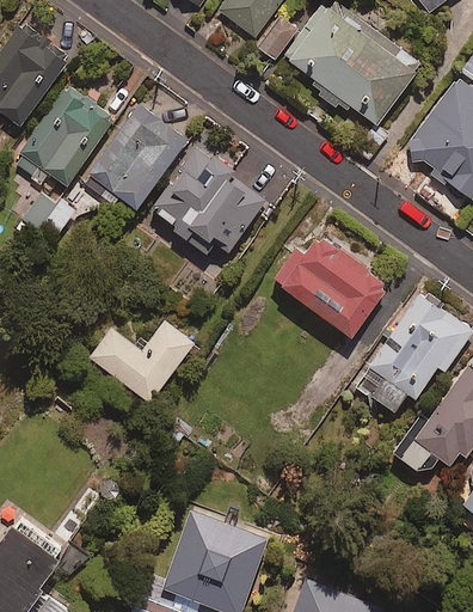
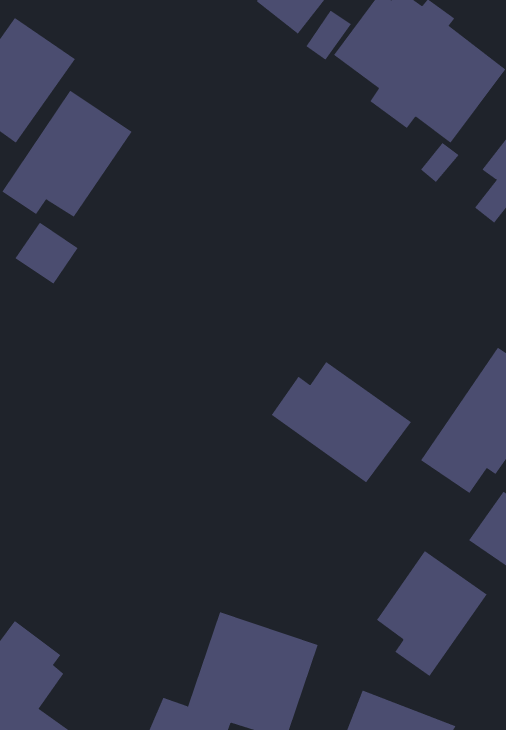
building: [88,104,188,210] -> none
building: [152,146,263,255] -> none
building: [274,237,389,337] -> [271,361,412,483]
building: [88,320,194,403] -> none
building: none -> [376,550,488,677]

